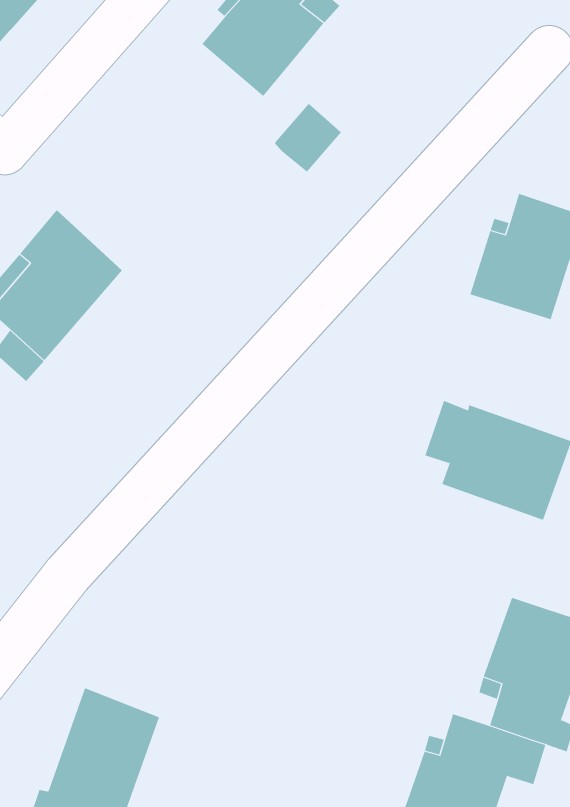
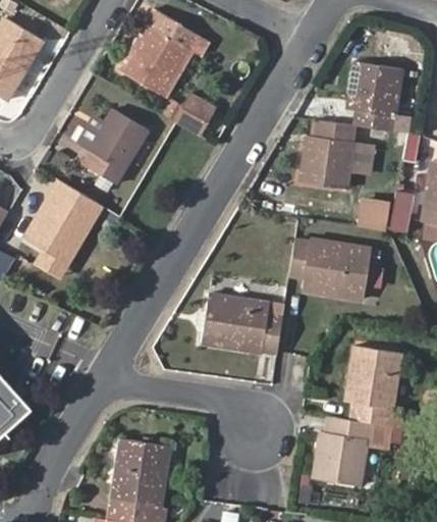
building: none -> [93,104,153,179]
building: none -> [199,296,283,356]

